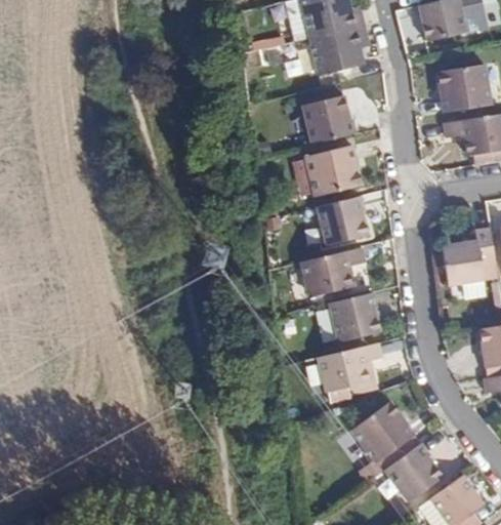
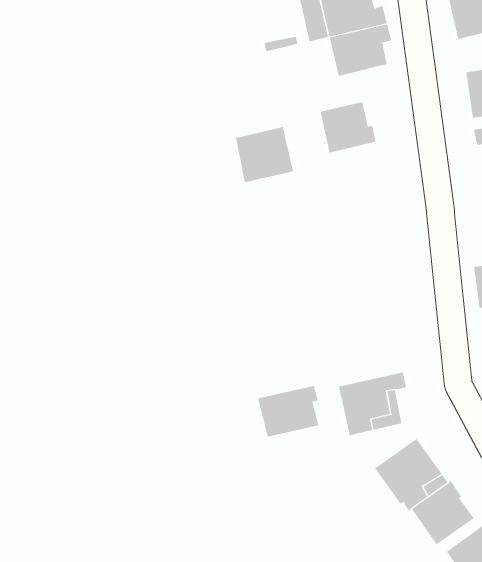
building: [306,145,360,196] -> [235,127,294,183]
building: [318,196,366,245] -> none
building: [304,247,365,294] -> none
building: [330,293,380,342] -> none
building: none -> [258,385,319,437]

